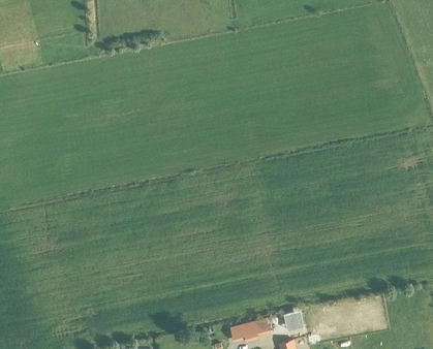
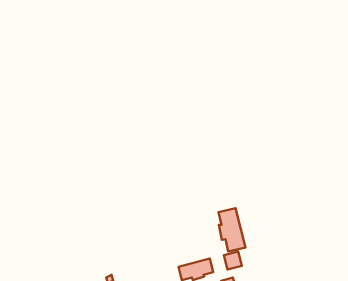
building: none -> [218,208,245,252]

